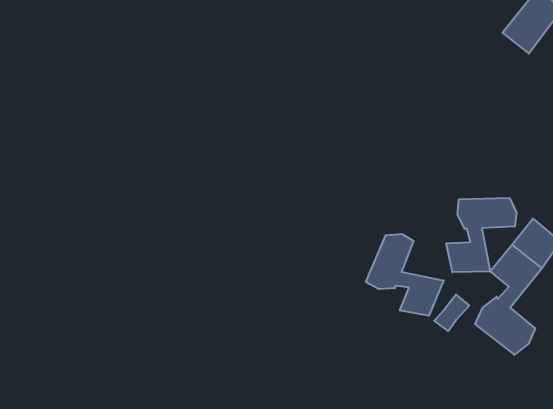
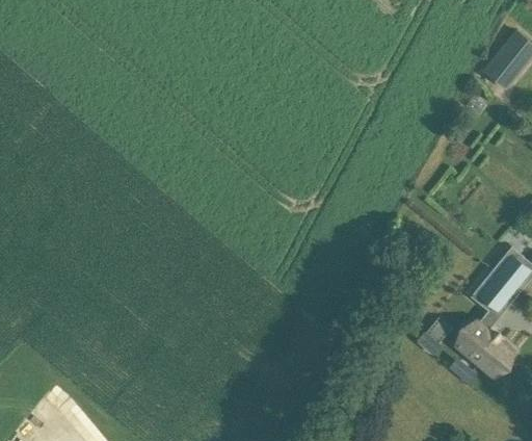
building: [446,198,517,272] -> none
building: [366,234,444,316] -> none

